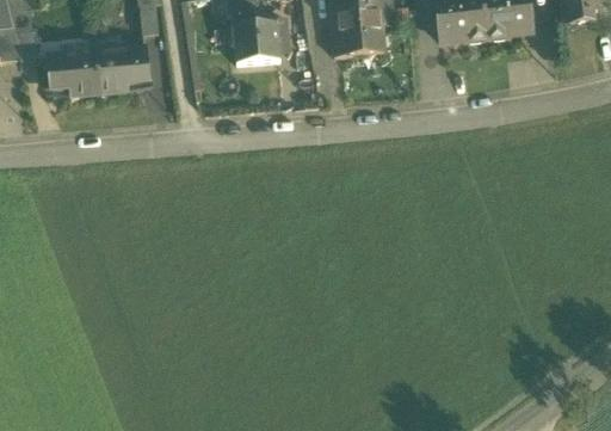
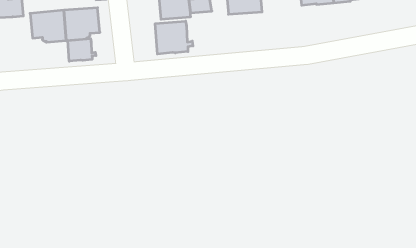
building: none -> [155,21,193,54]
building: none -> [68,39,96,61]

